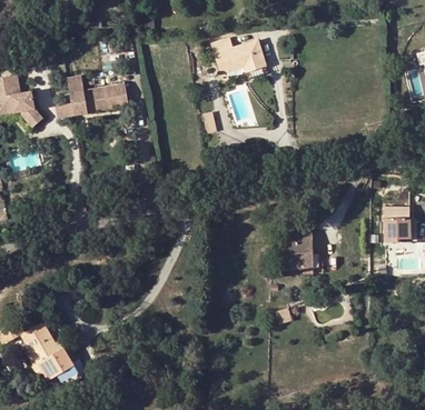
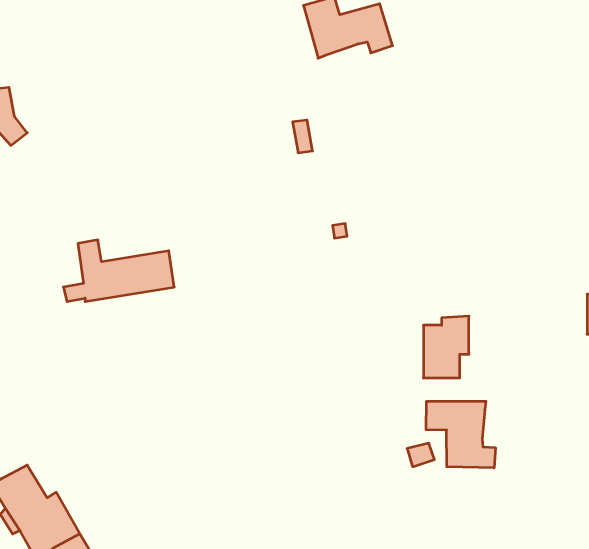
building: [60,77,128,114] -> [63,240,174,302]
building: none -> [426,401,495,468]

